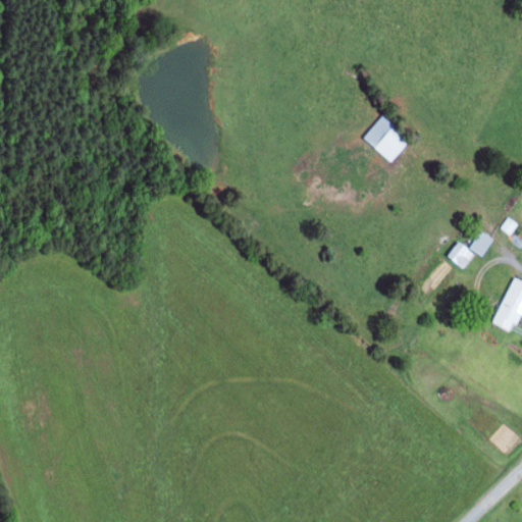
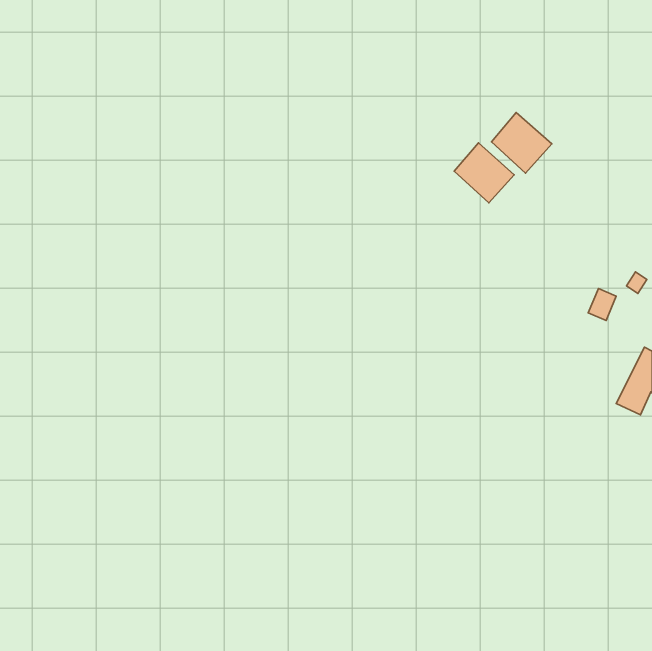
building: none -> [491,113,552,173]
building: [447,242,474,269] -> none

